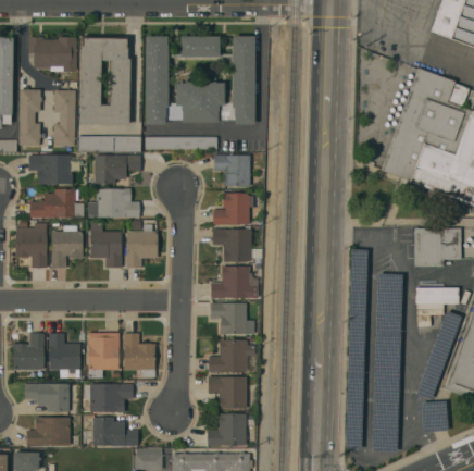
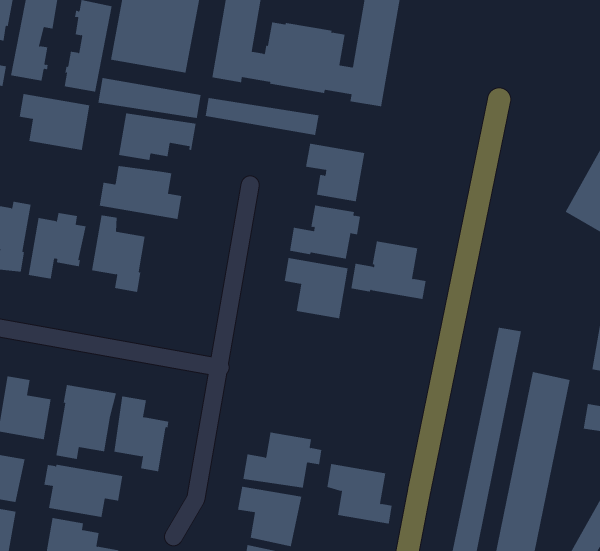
building: [29,188,84,218] -> none
building: [126,224,158,268] -> none
building: [211,265,258,298] -> [350,241,426,300]
building: [210,302,253,334] -> [326,463,393,524]

